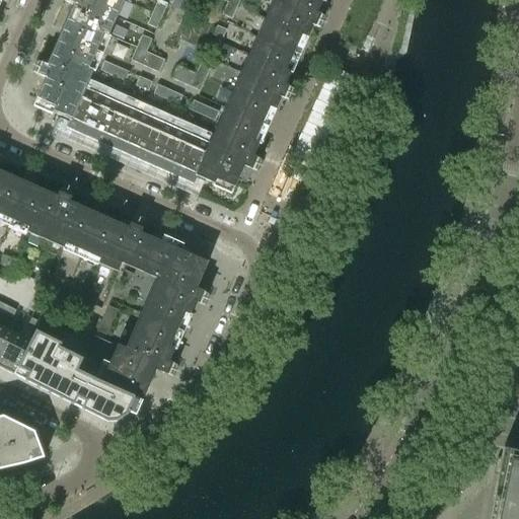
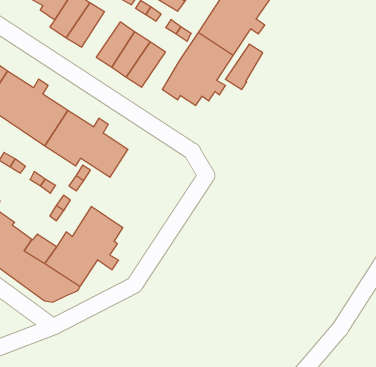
building: [103,100,140,150] -> none
building: [174,133,210,182] -> [225,44,263,89]
building: [141,243,211,327] -> none

